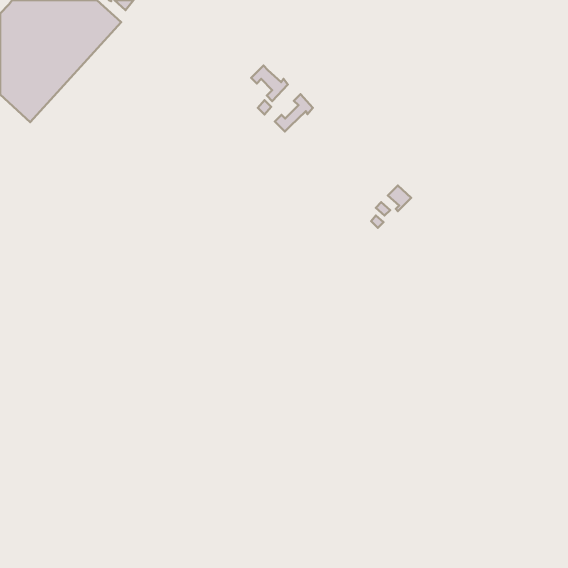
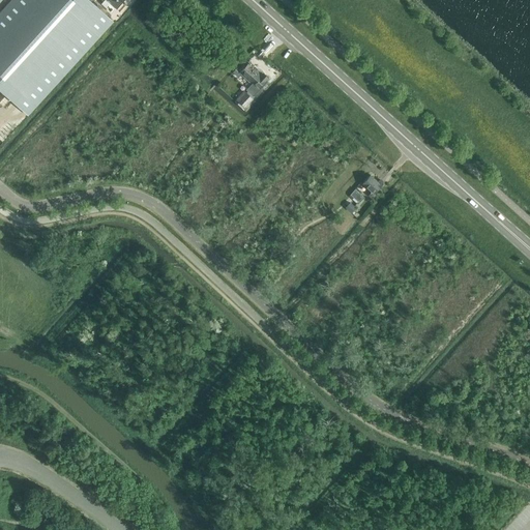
building: [275,94,313,131] -> none

